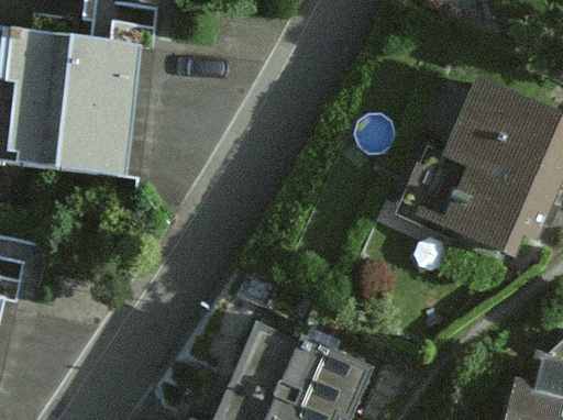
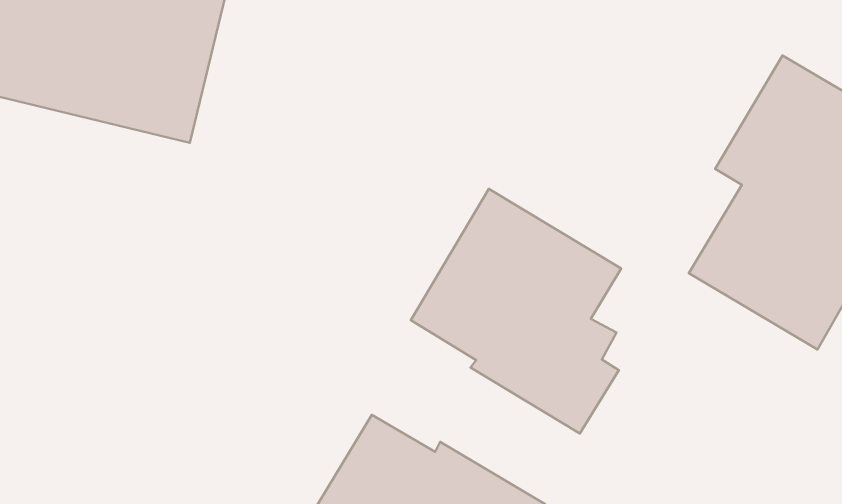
building: none -> [411,189,621,434]

